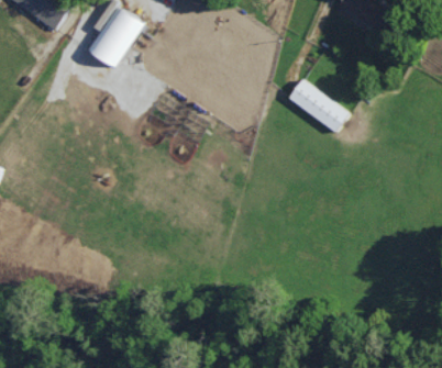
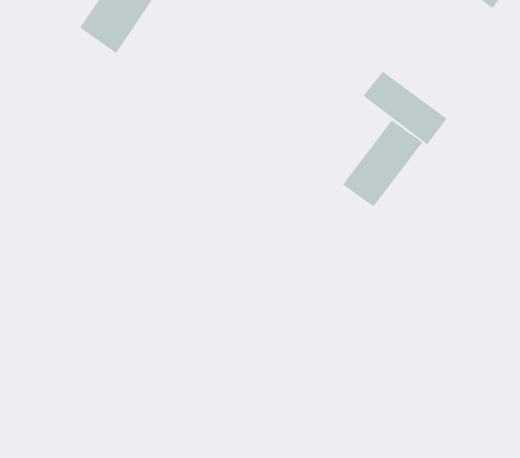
building: none -> [342,120,423,207]

